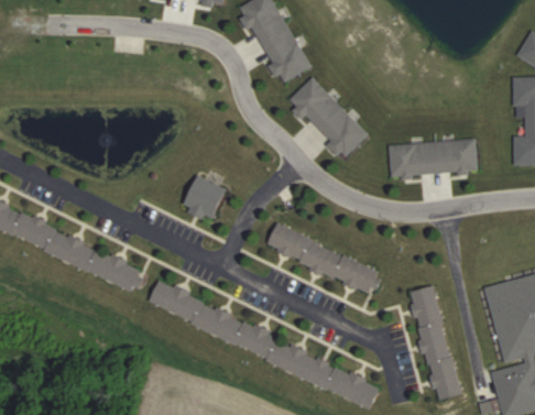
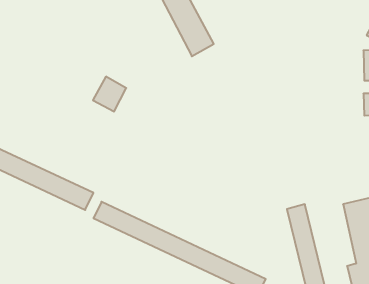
building: [287,77,368,159] -> none
building: [389,140,477,176] -> none
building: [182,175,227,222] -> [93,77,126,112]
building: [265,226,379,293] -> none

